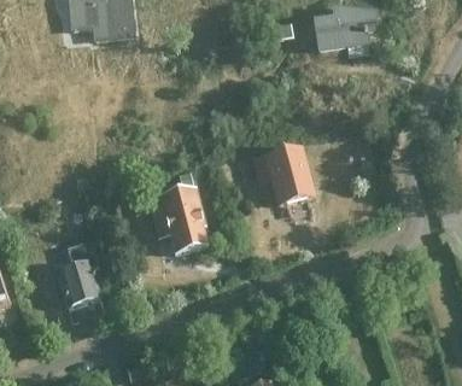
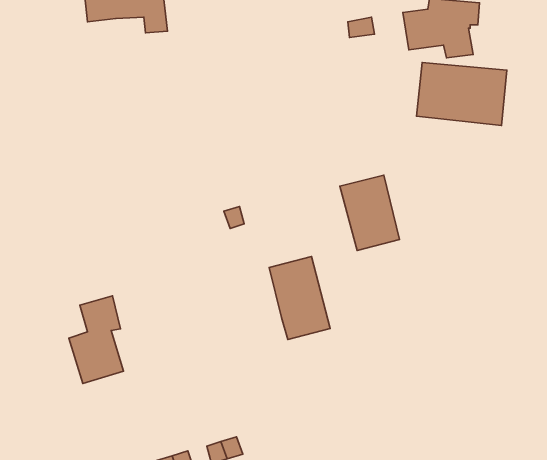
building: none -> [417,63,507,126]
building: [160,189,207,253] -> [269,256,330,340]

